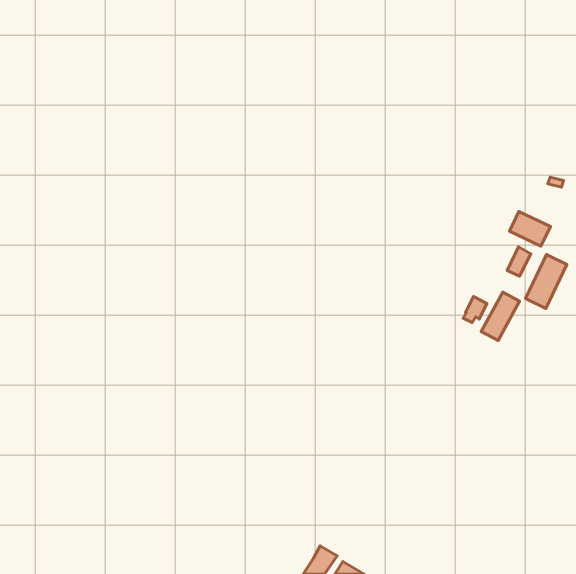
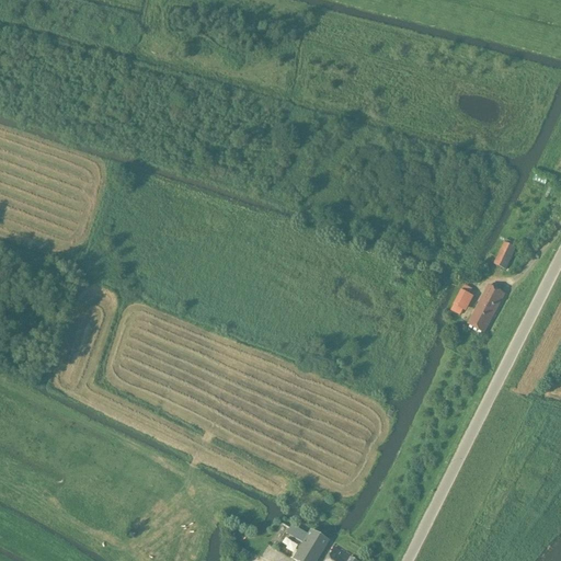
building: [509,211,550,246] -> none
building: [525,254,567,308] -> none

